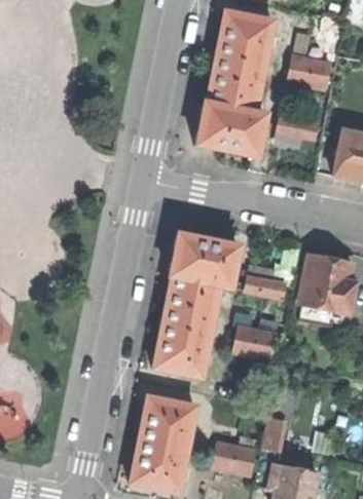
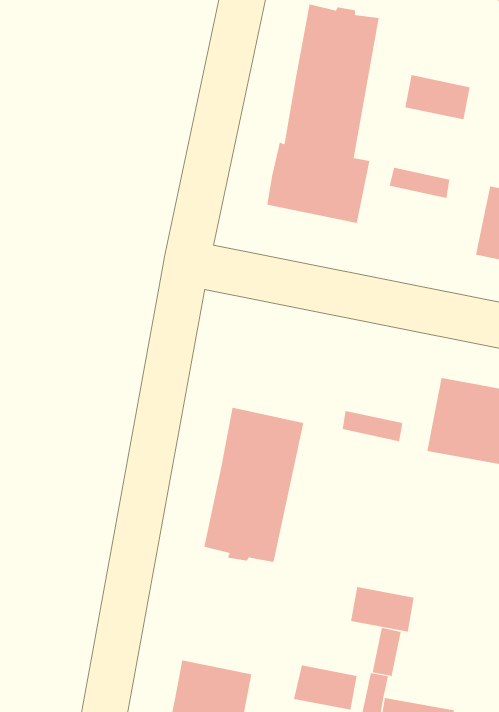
building: [172,234,239,286] -> none
building: [235,329,278,358] -> [350,587,415,632]
building: [141,397,196,449] -> none

